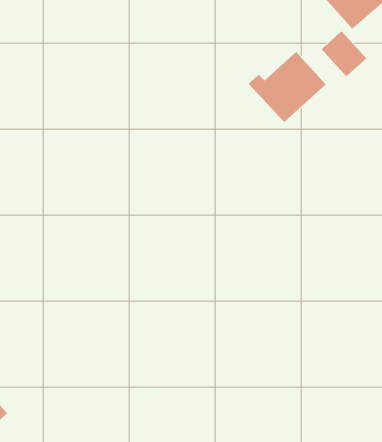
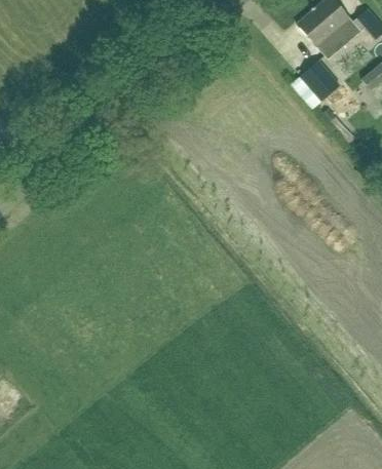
building: [248,51,326,123] -> none

